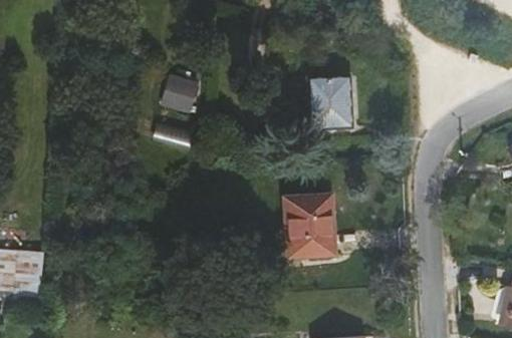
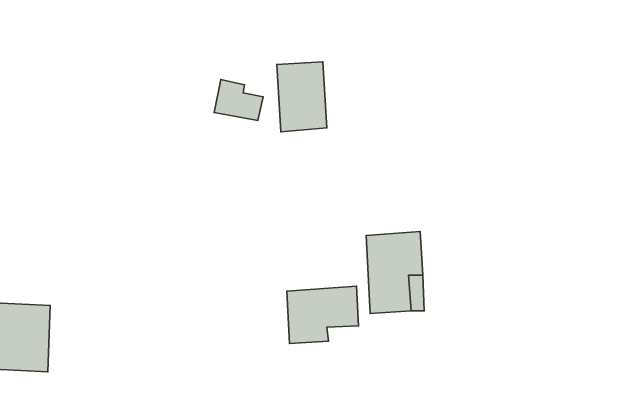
building: [306,75,344,128] -> [277,62,327,132]
building: none -> [287,286,359,344]

